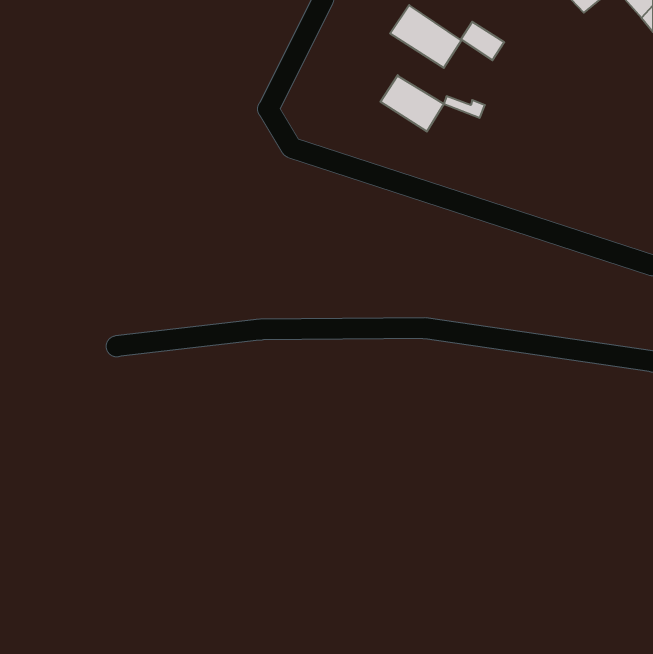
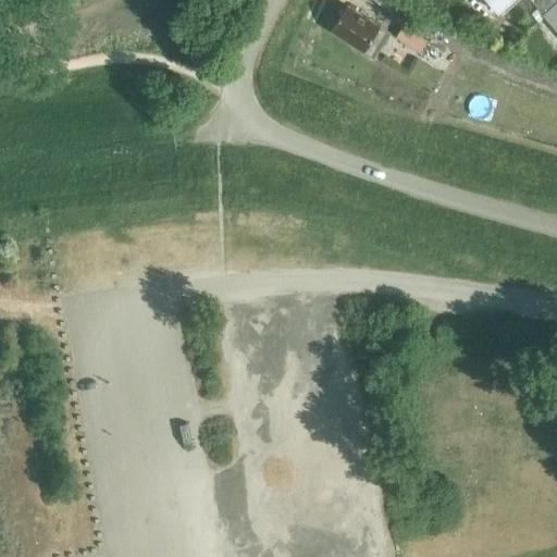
building: [380,75,444,132] -> none

